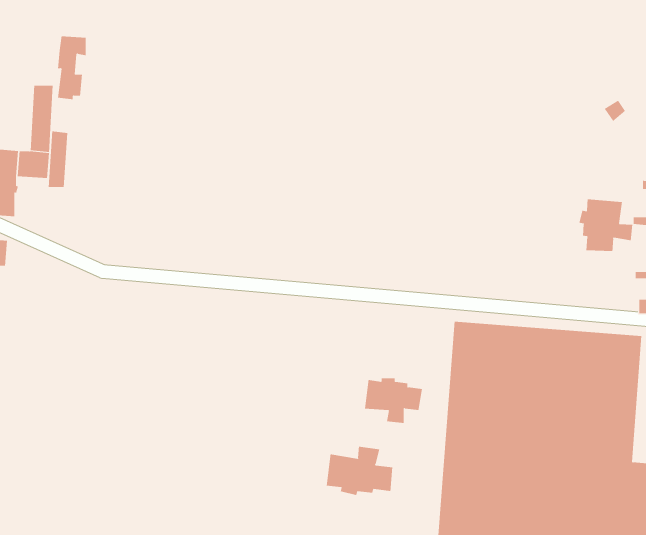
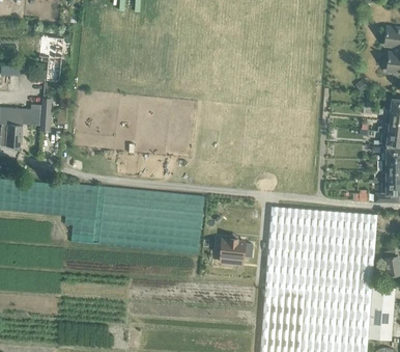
building: [579,199,633,252] -> none
building: [326,446,393,496] -> none

